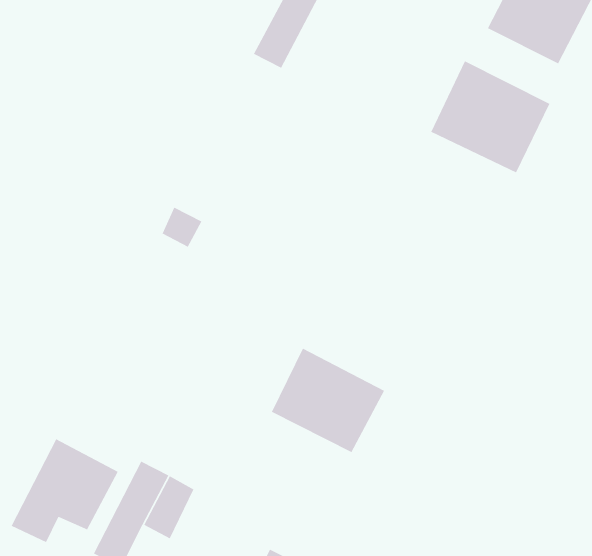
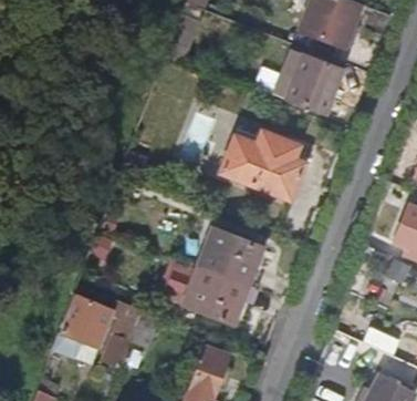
building: none -> [220,130,305,198]
building: none -> [181,266,247,322]

